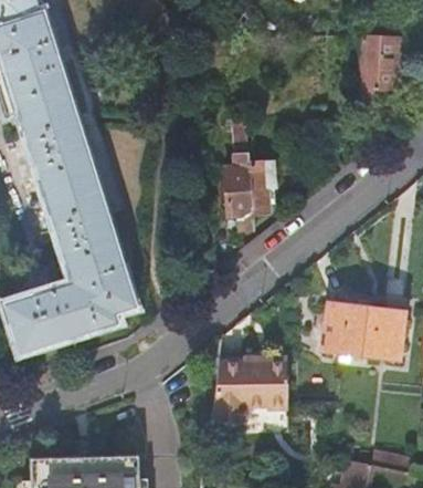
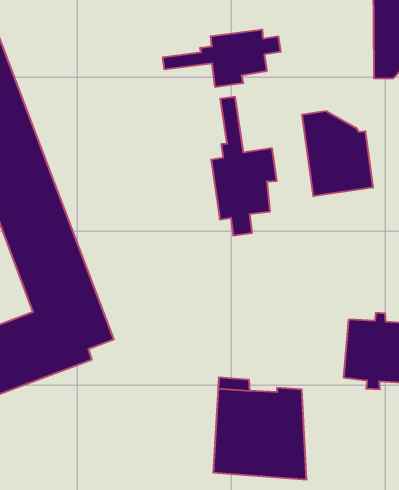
building: none -> [163,29,280,87]
building: none -> [302,111,373,196]

